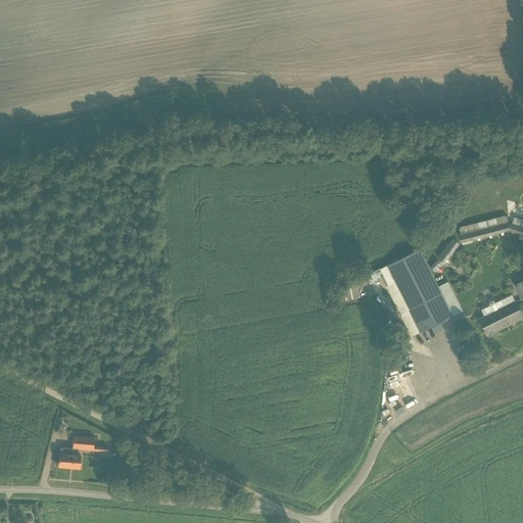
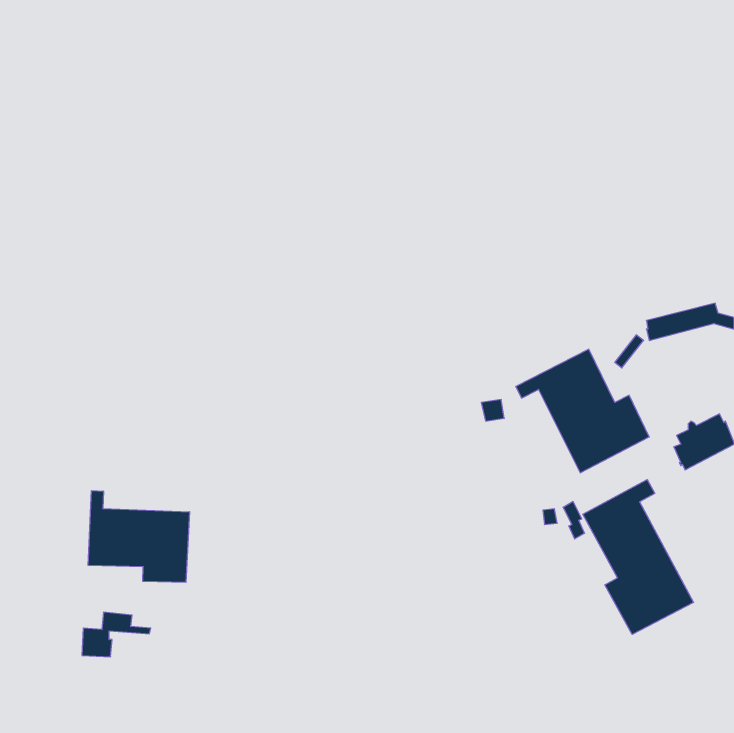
building: none -> [583,480,694,634]
building: none -> [88,491,190,582]

